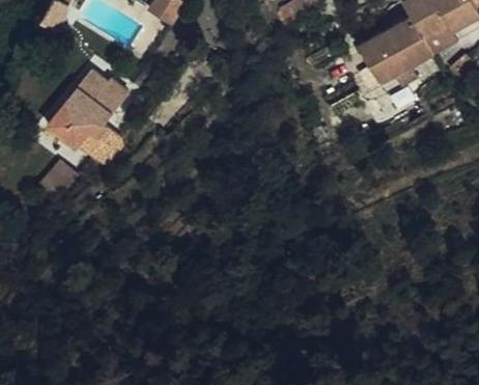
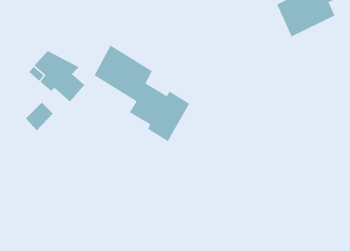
building: [73,76,131,118] -> none
building: none -> [94,45,190,142]

